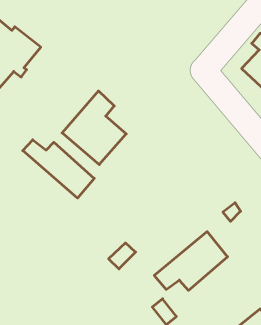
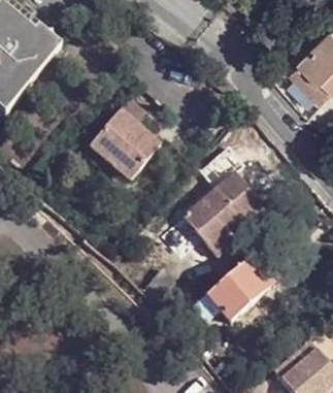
building: [23,140,94,198] -> none
building: none -> [178,173,259,256]

